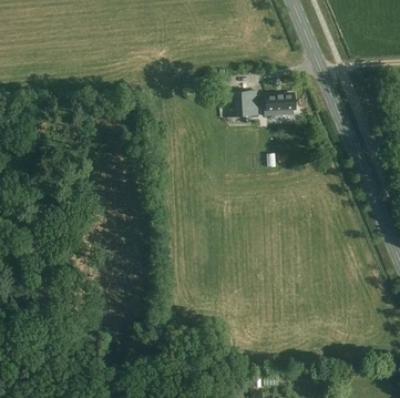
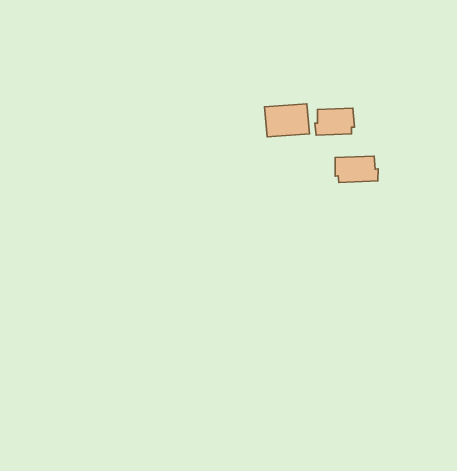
building: none -> [335,156,378,182]

